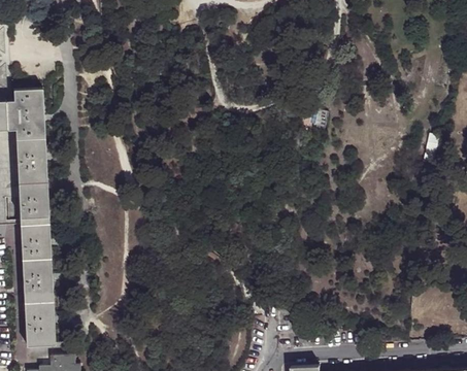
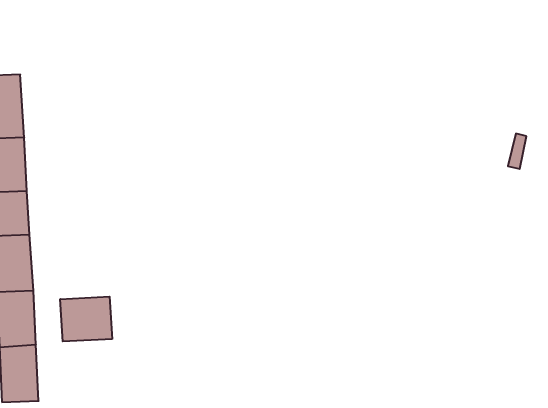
building: none -> [60,297,112,341]

